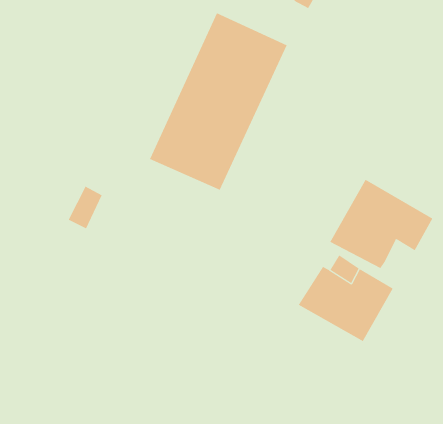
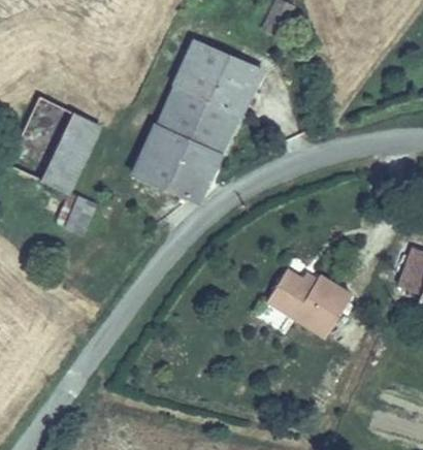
building: none -> [10,98,99,193]
building: [329,179,433,269] -> none

